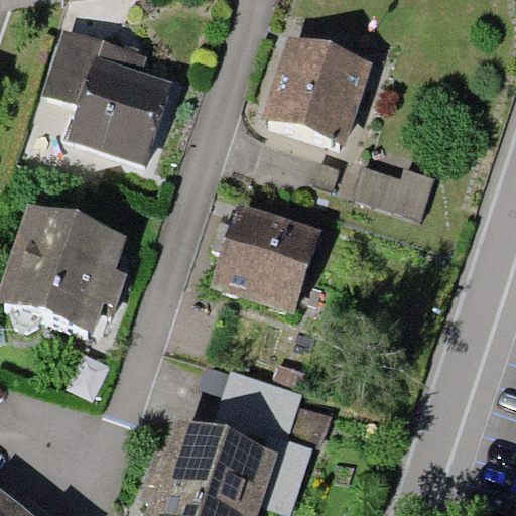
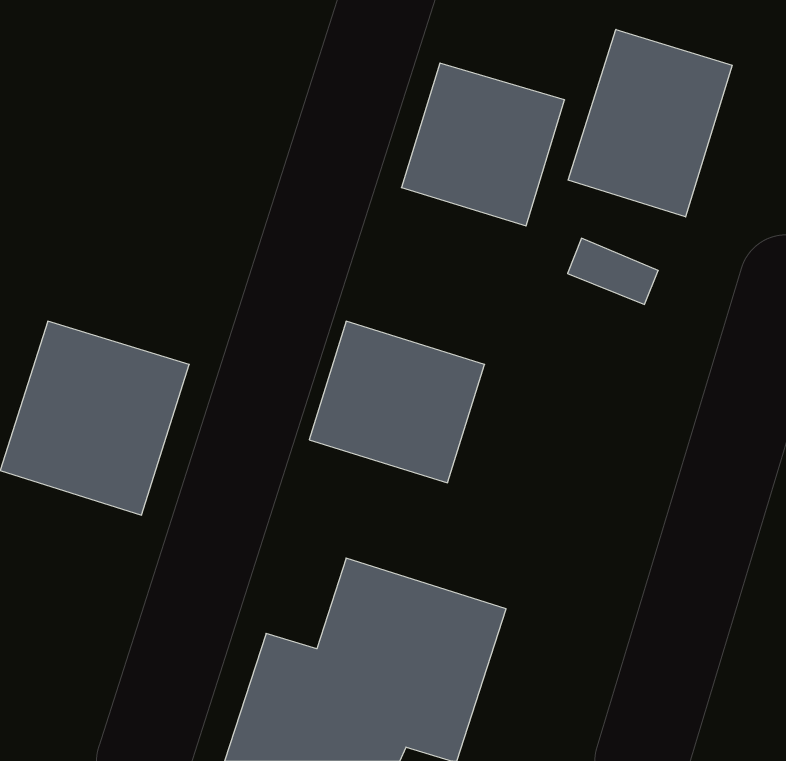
building: none -> [568,29,732,217]
building: [40,28,166,163] -> none

